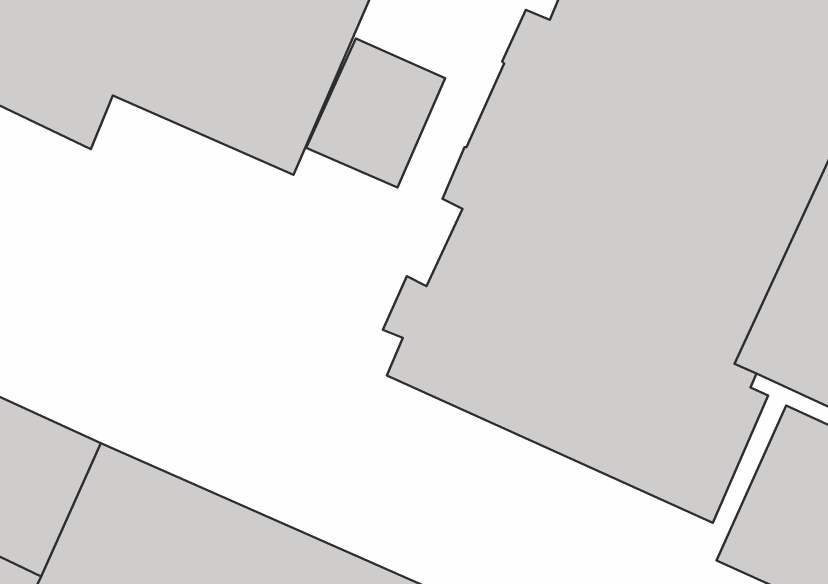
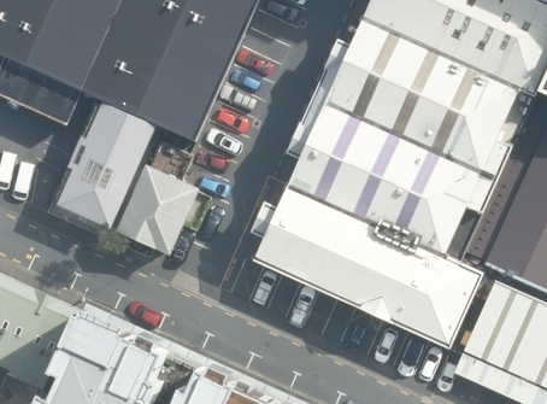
building: [306,38,445,188] -> [117,168,201,258]
building: none -> [57,104,158,232]

